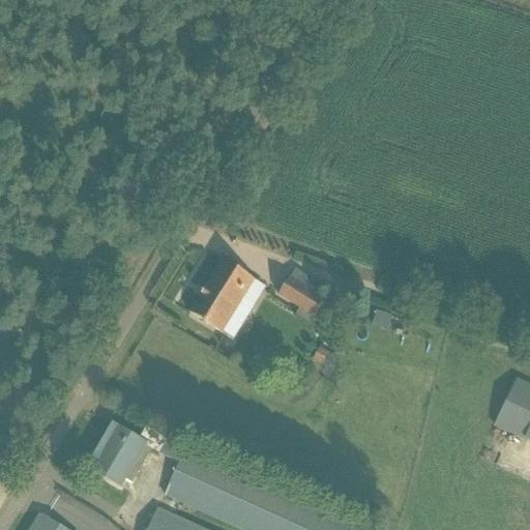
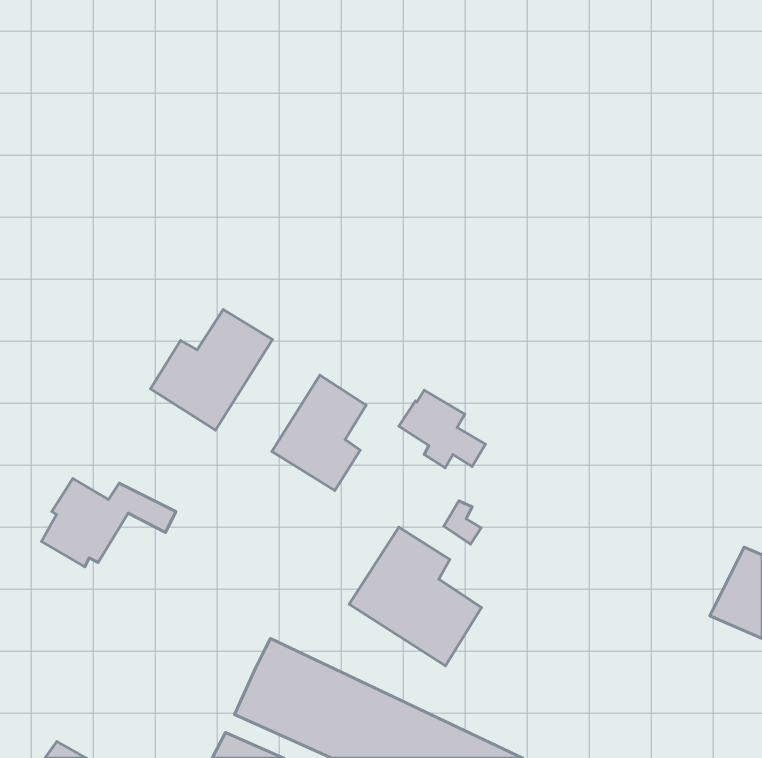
building: none -> [150,310,272,430]
building: none -> [349,527,482,666]
building: [91,425,184,487] -> [41,479,176,567]

